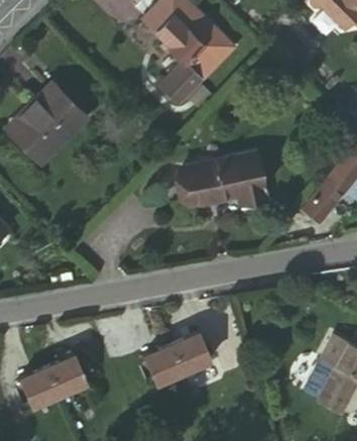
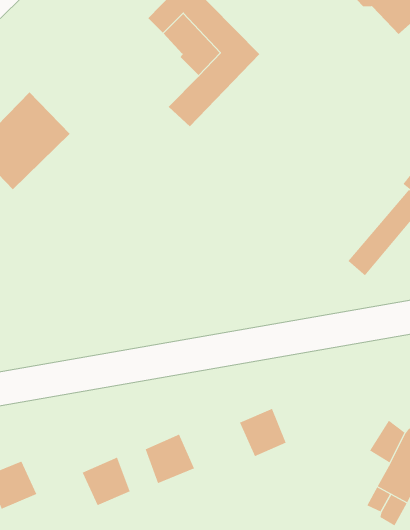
building: [187,155,272,211] -> none
building: [170,334,208,372] -> [239,408,286,457]
building: [46,354,85,393] -> [82,457,130,506]

